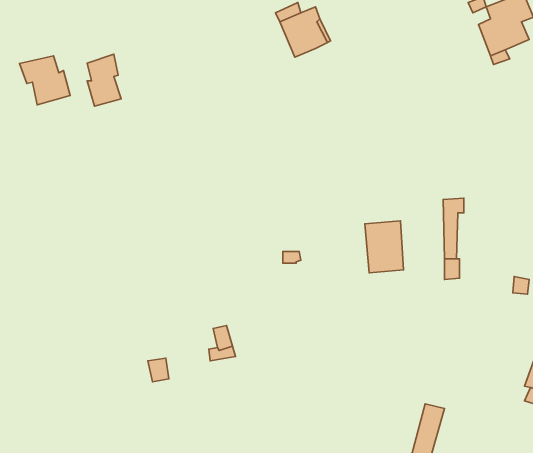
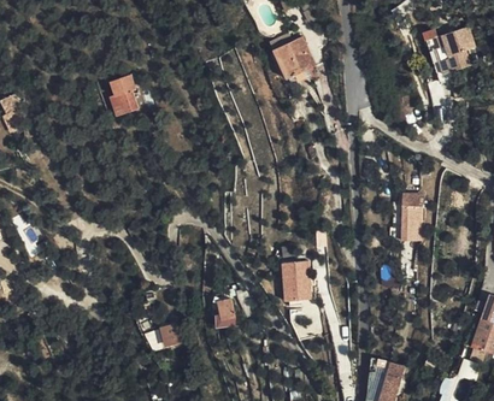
building: [20,56,70,105] -> none
building: [365,221,403,273] -> [282,258,313,300]

